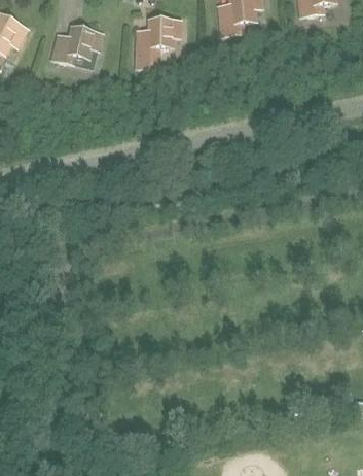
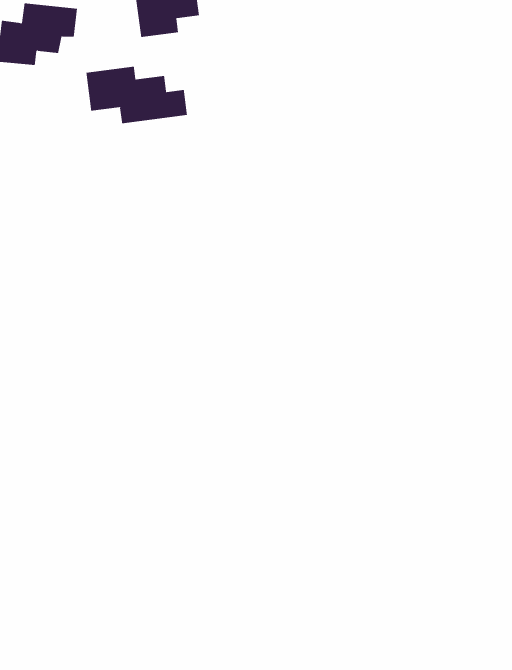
building: none -> [86,66,188,124]

